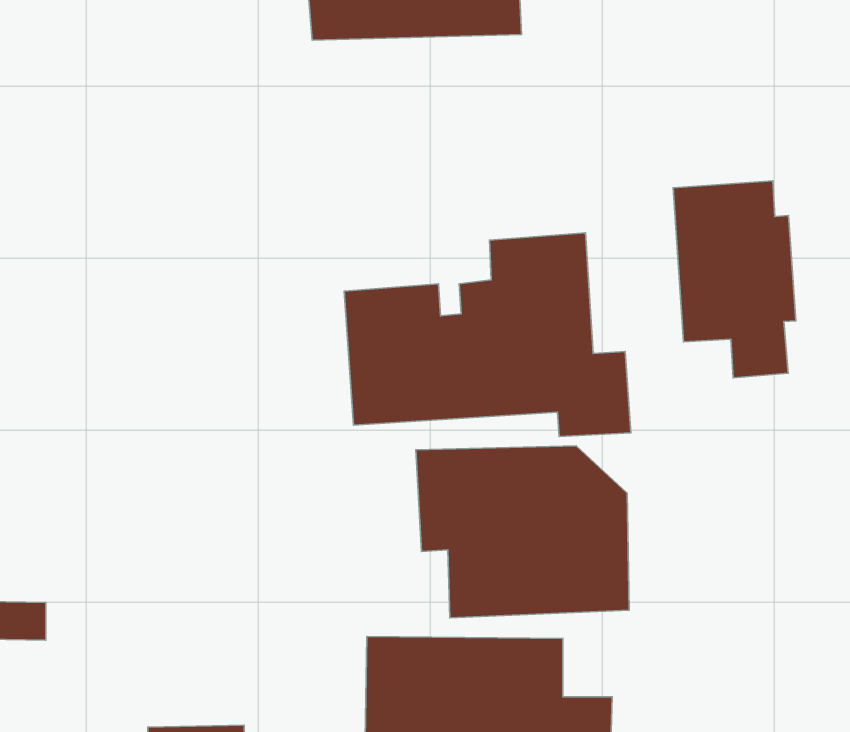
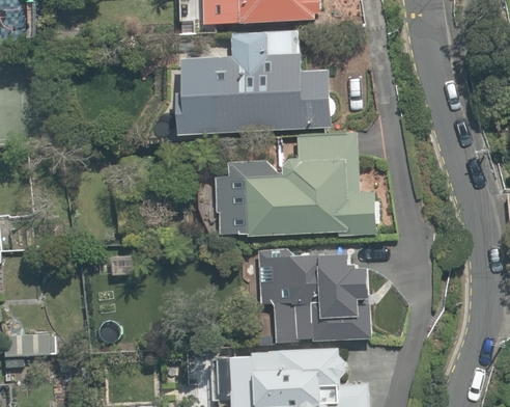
building: none -> [176,30,324,135]
building: [673,181,796,378] -> none

